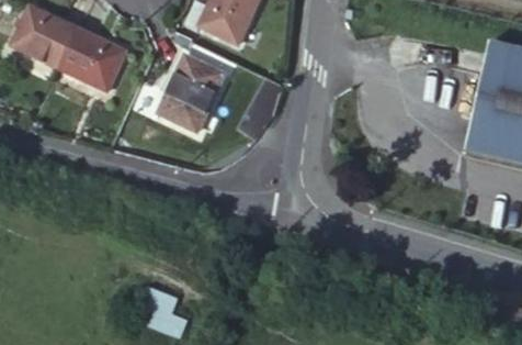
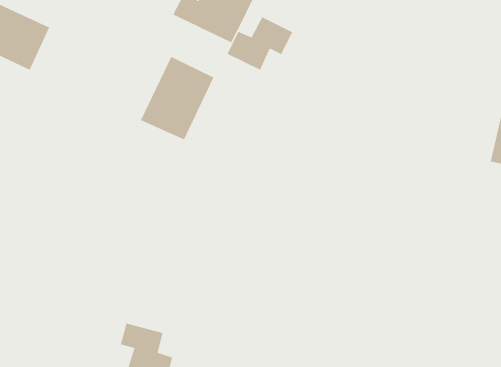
building: none -> [227,16,293,71]
building: [60,30,125,90] -> none

